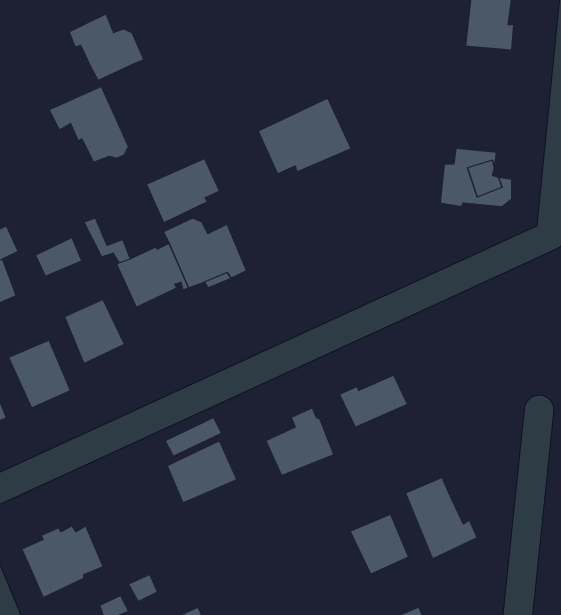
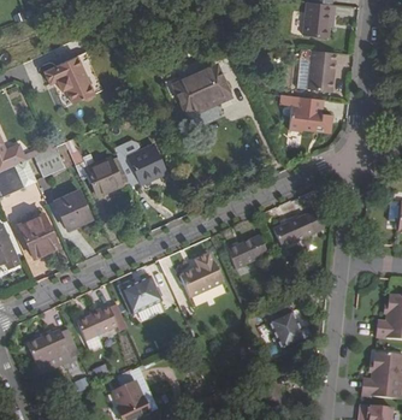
building: [69,14,144,80] -> none
building: none -> [307,49,335,89]
building: [146,159,219,223] -> none
building: none -> [272,211,321,248]
building: none -> [75,304,125,341]
building: [350,514,408,574] -> none

